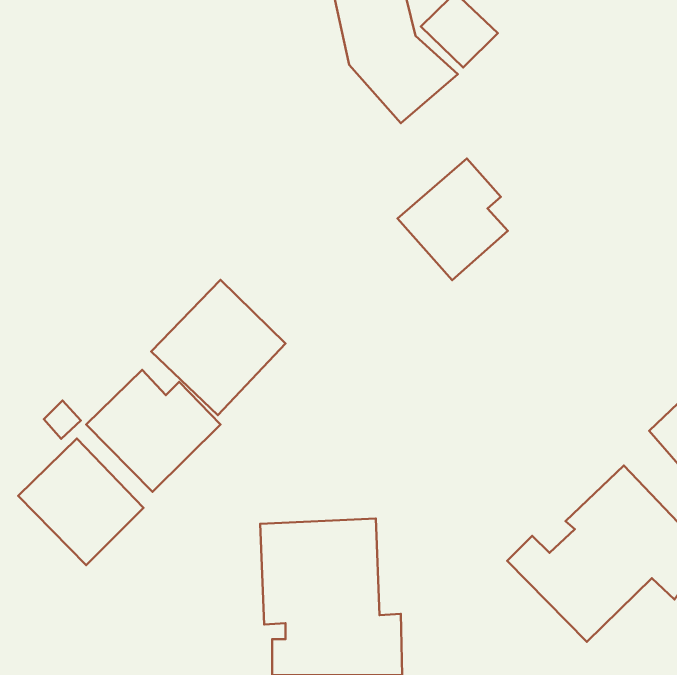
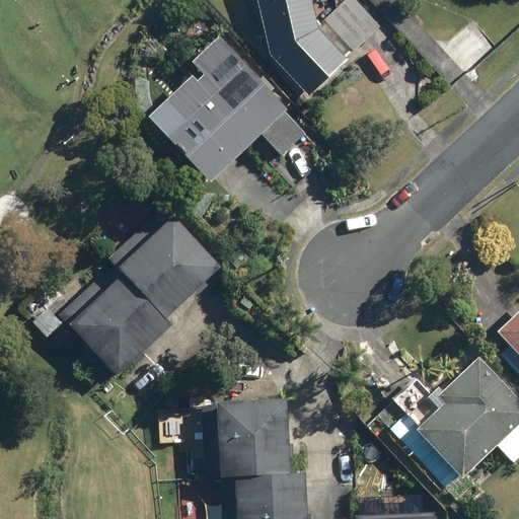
building: none -> [163,33,308,180]
building: [398,159,508,280] -> none
building: [18,439,144,565] -> none

